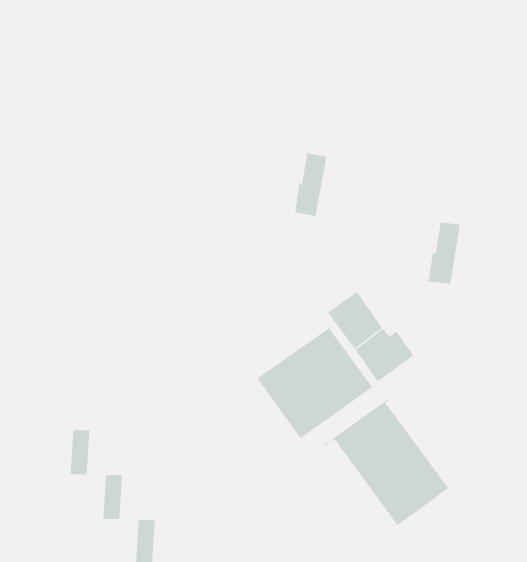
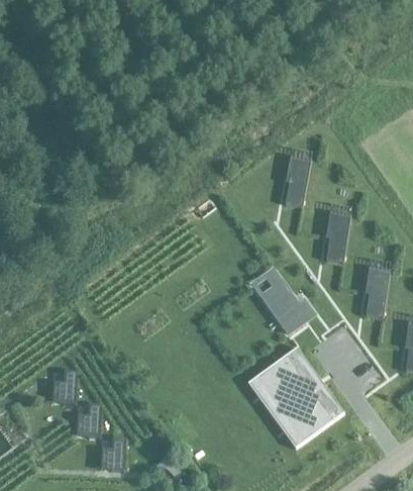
building: [294,153,327,217] -> [285,159,309,206]
building: none -> [366,271,389,318]
building: [254,323,383,453] -> none

